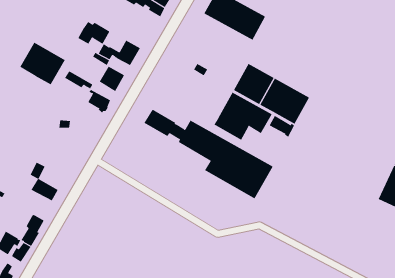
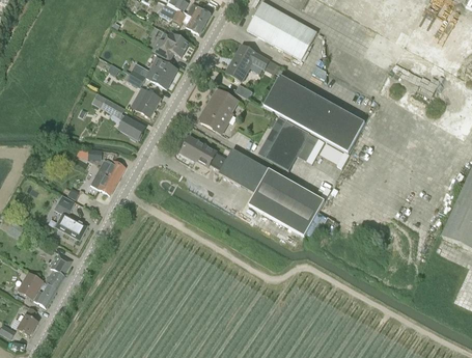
building: [78,21,110,45] -> [152,30,189,56]
building: none -> [226,45,269,81]
building: [20,42,65,85] -> none
building: none -> [263,76,297,114]
building: none -> [198,88,238,134]
building: none -> [89,158,123,194]

